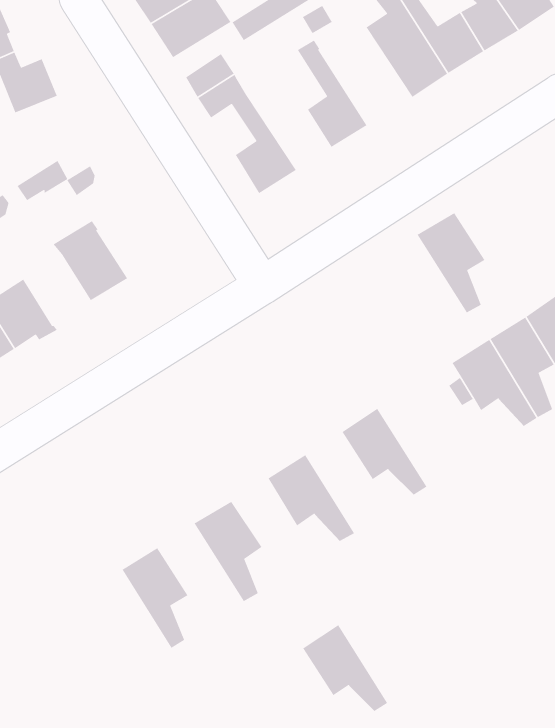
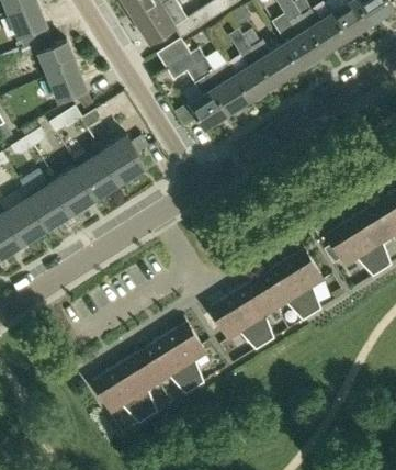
building: none -> [242,30,296,85]
building: none -> [190,48,250,113]
building: none -> [48,66,93,110]
building: none -> [101,136,147,182]
building: [417,212,485,314] -> [280,250,324,315]
building: none -> [54,167,99,212]
building: none -> [234,280,276,345]
building: none -> [92,368,148,424]
building: [302,624,388,712] -> [139,338,194,394]

